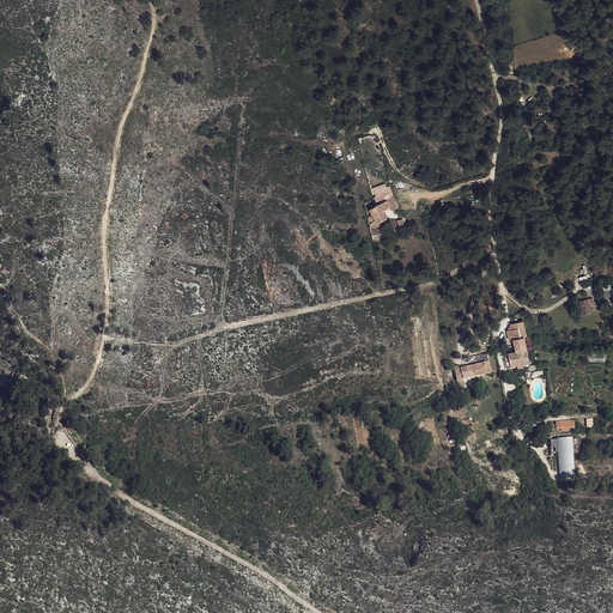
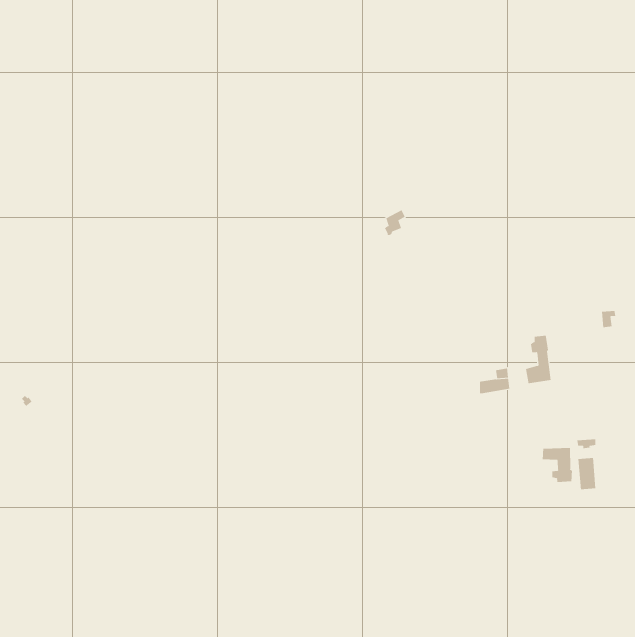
building: none -> [542,447,572,483]

